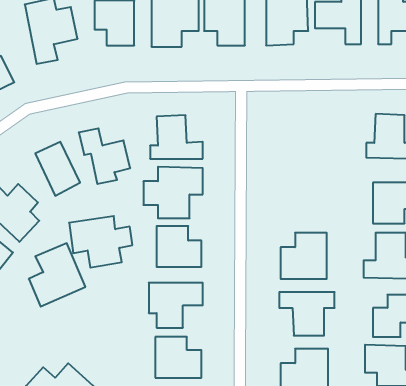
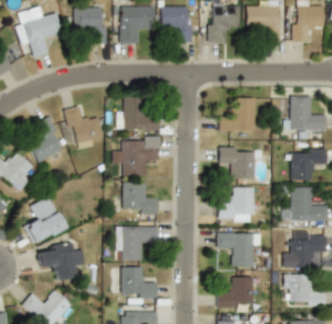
building: none -> [218,98,255,131]
building: none -> [218,148,255,179]
building: [69,216,132,268] -> [38,242,87,282]

